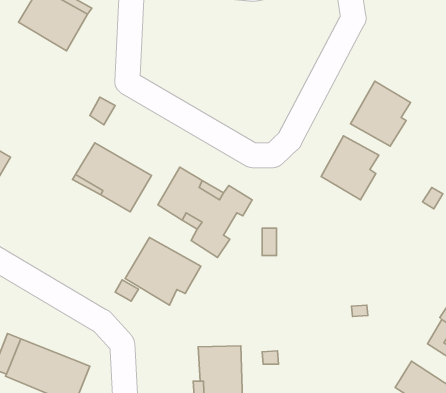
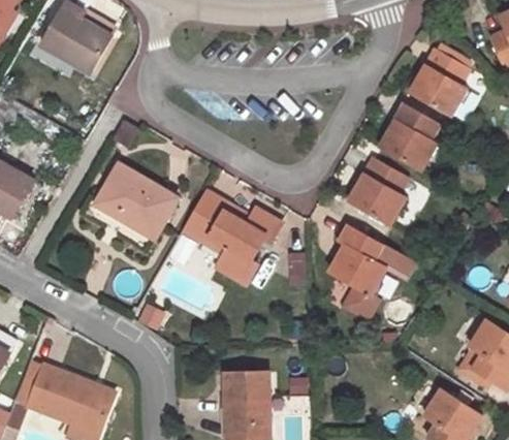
building: none -> [410,50,468,116]
building: none -> [328,225,414,319]
building: [125,237,201,305] -> none

